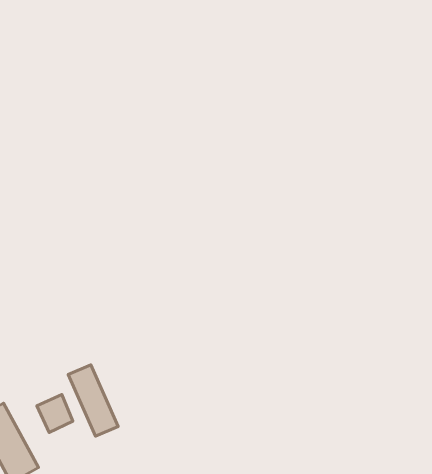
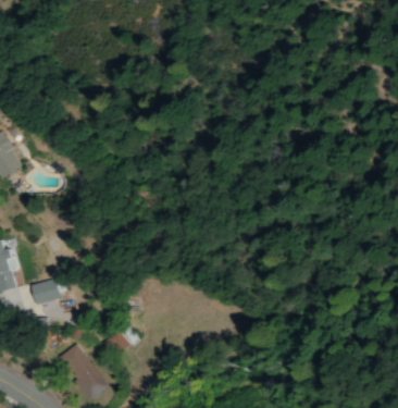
building: [68,365,118,436] -> none

